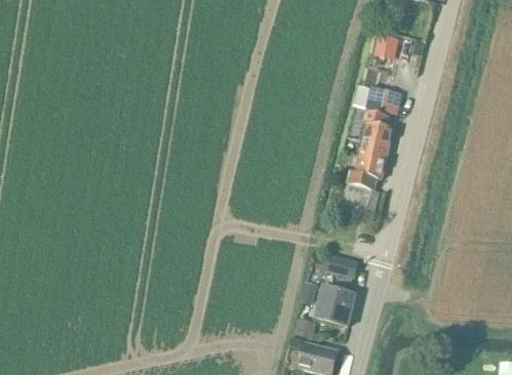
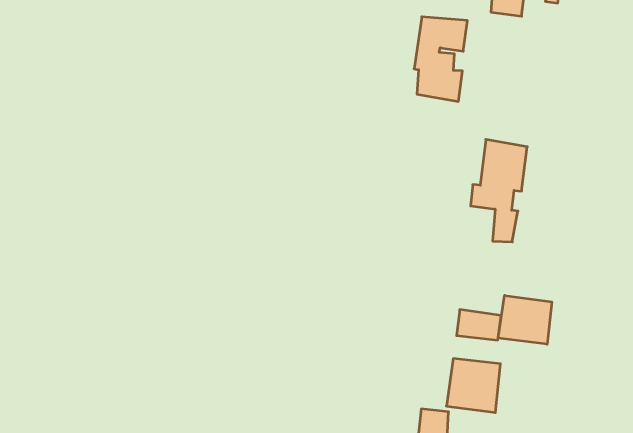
building: [361,87,401,148] -> [414,17,467,101]
building: none -> [498,295,552,344]

